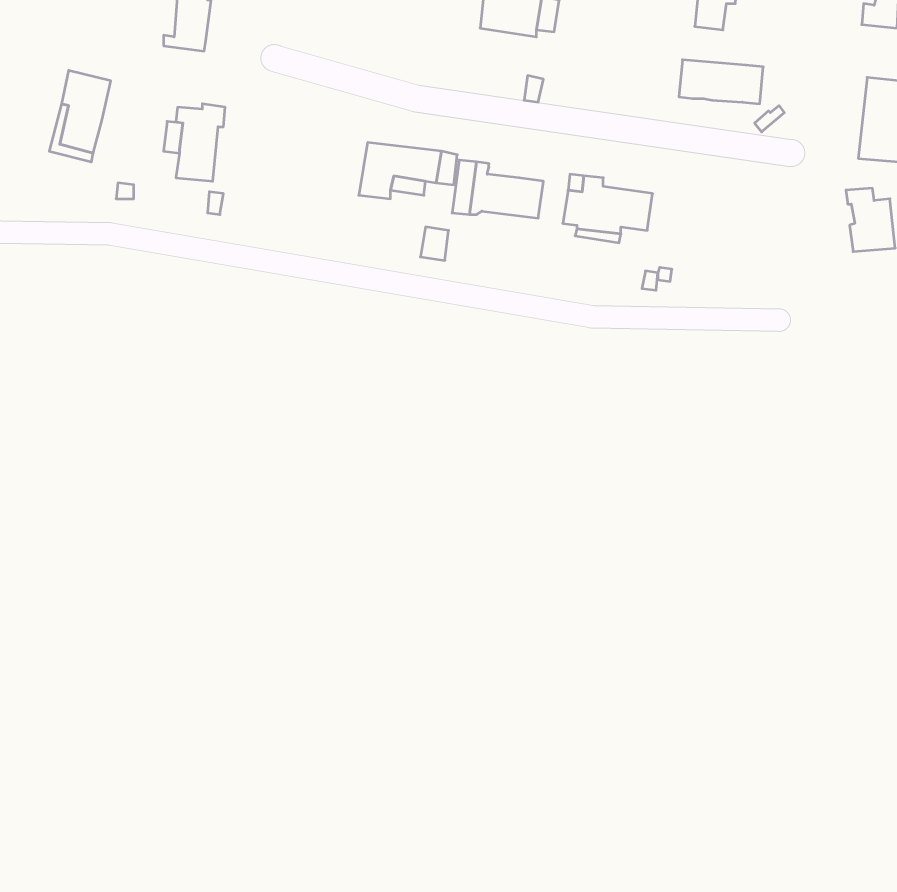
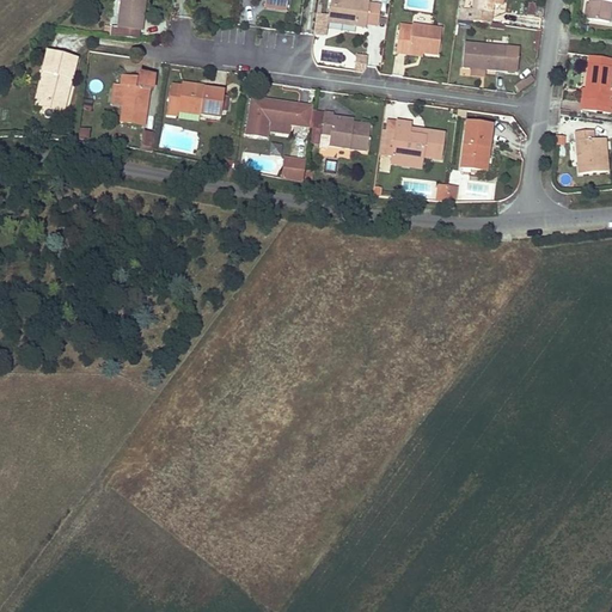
building: none -> [397,23,441,54]
building: none -> [167,80,224,114]
building: none -> [461,120,492,166]

